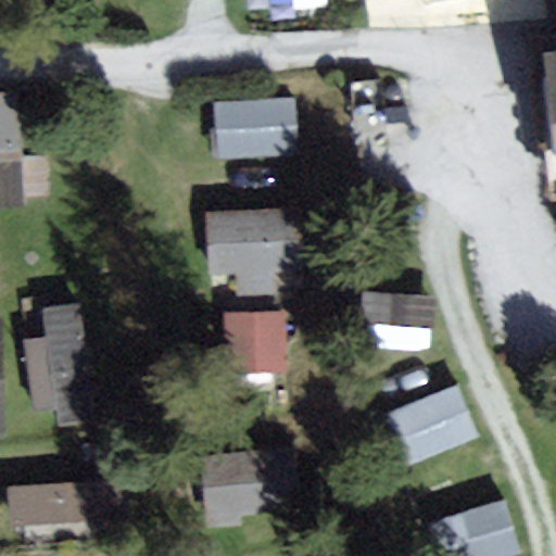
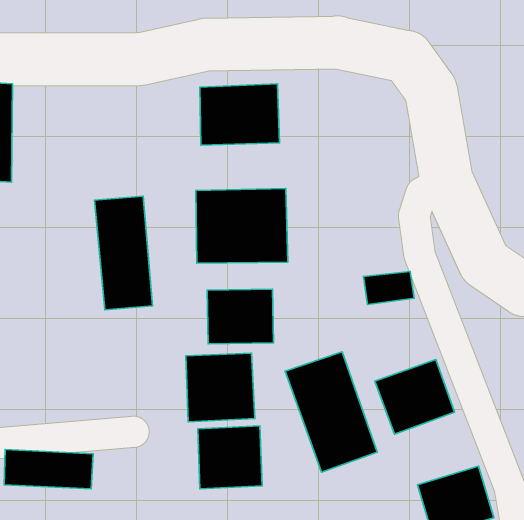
building: [28,302,89,421] -> [95,196,153,310]
building: none -> [285,352,377,472]
building: none -> [186,353,255,422]

